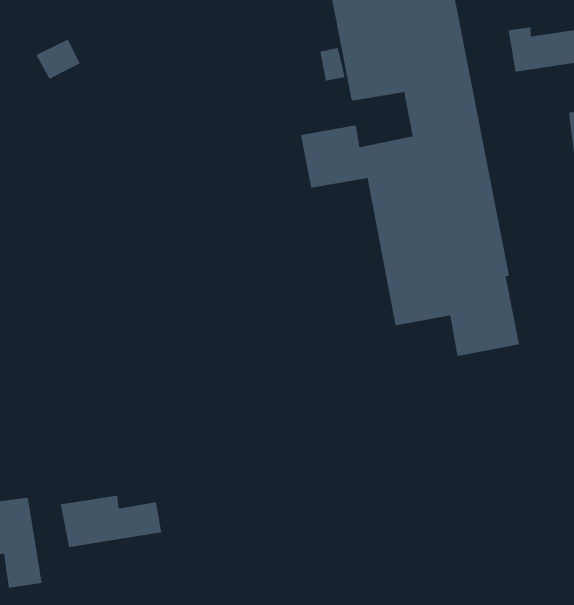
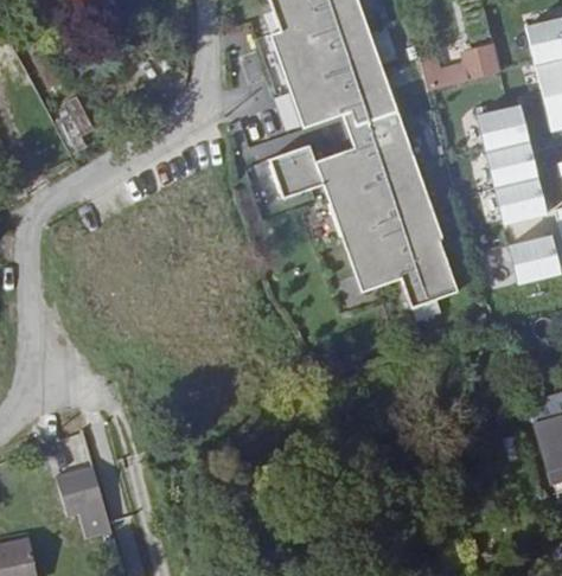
building: [60,495,162,548] -> none

